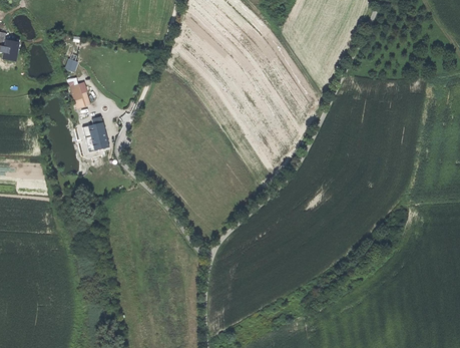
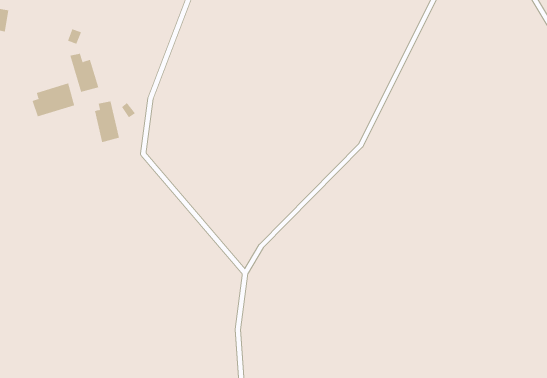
building: none -> [32,83,75,117]

